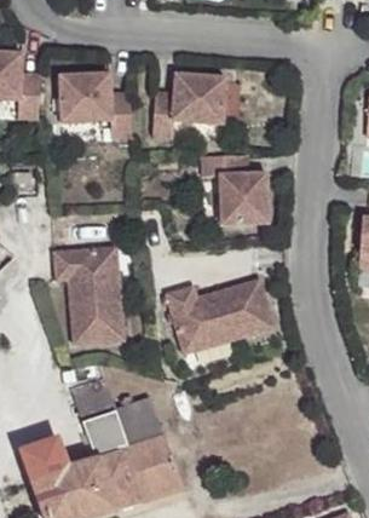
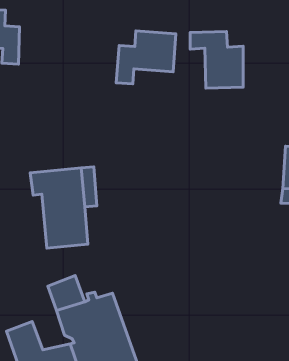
building: [59,74,134,138] -> none
building: [202,154,267,224] -> [190,32,243,88]
building: [165,277,273,352] -> none

